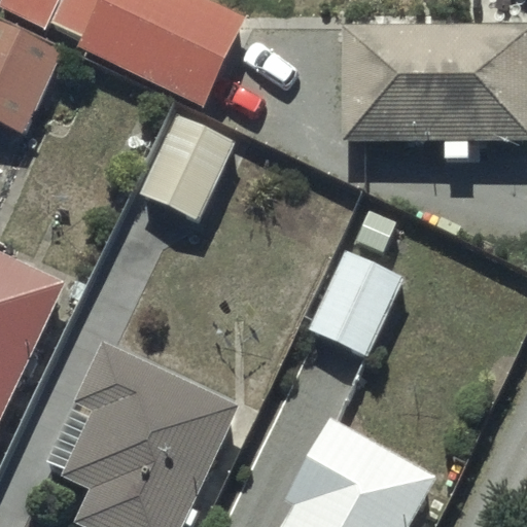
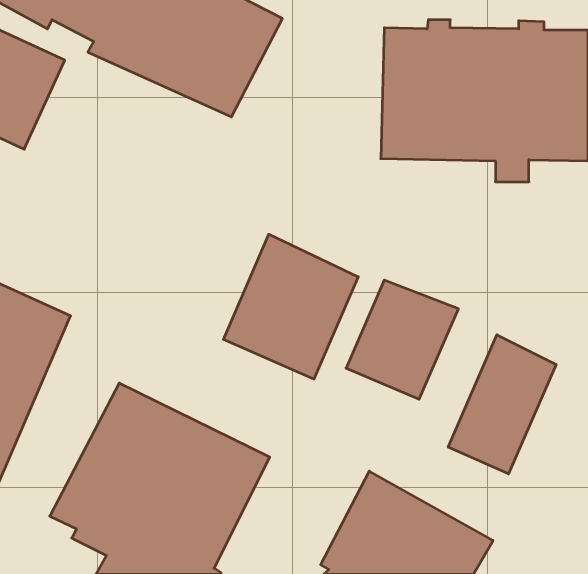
building: [133,113,235,223] -> none
building: none -> [223,234,358,379]
building: none -> [448,335,556,474]

